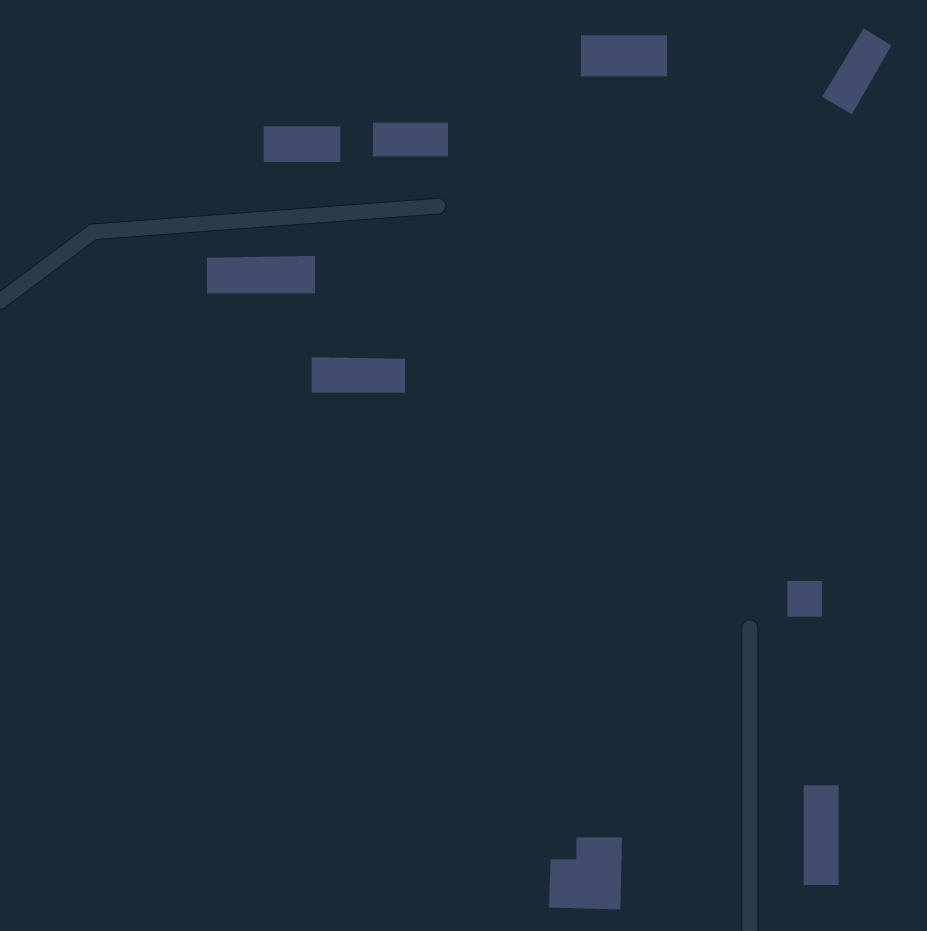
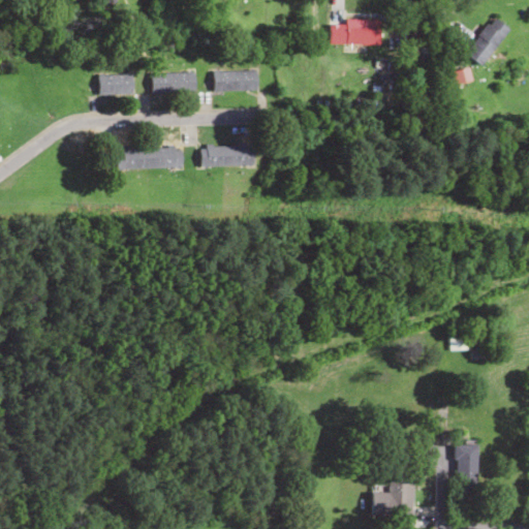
building: none -> [100,74,134,94]
building: [311,357,406,393] -> [201,145,255,165]
building: [548,837,623,910] -> [373,475,415,517]

